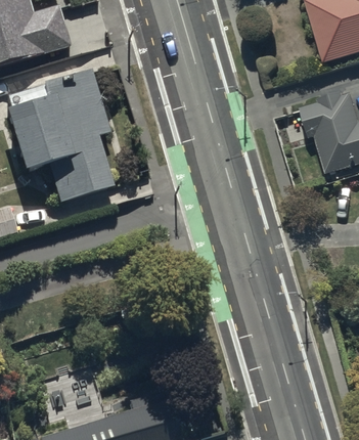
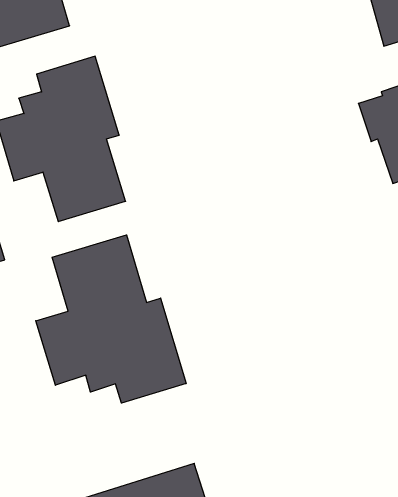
building: none -> [36,235,186,403]

